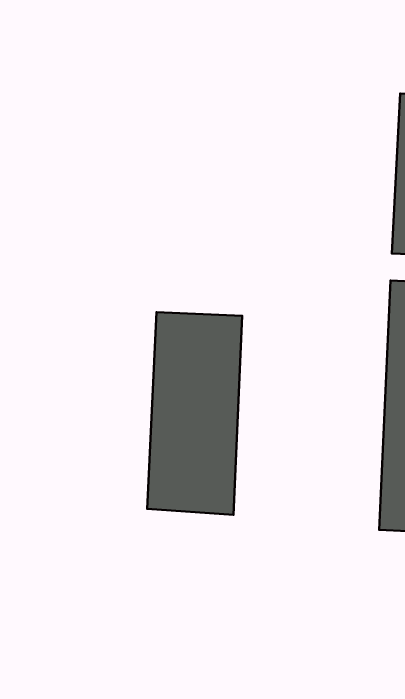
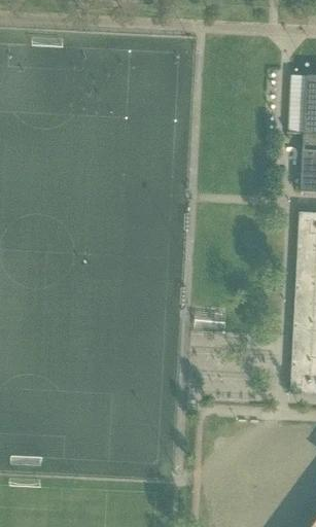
building: [147,312,242,515] -> none

